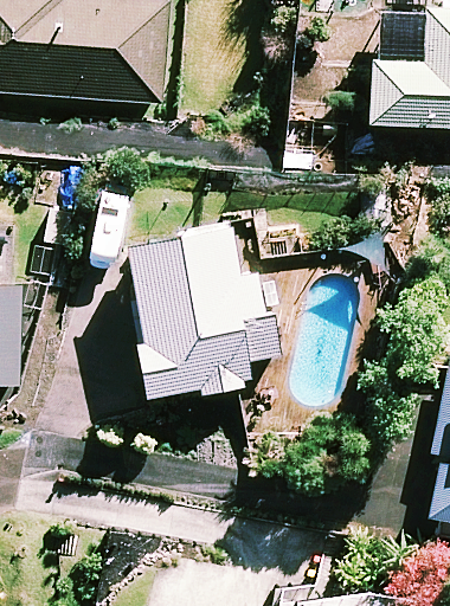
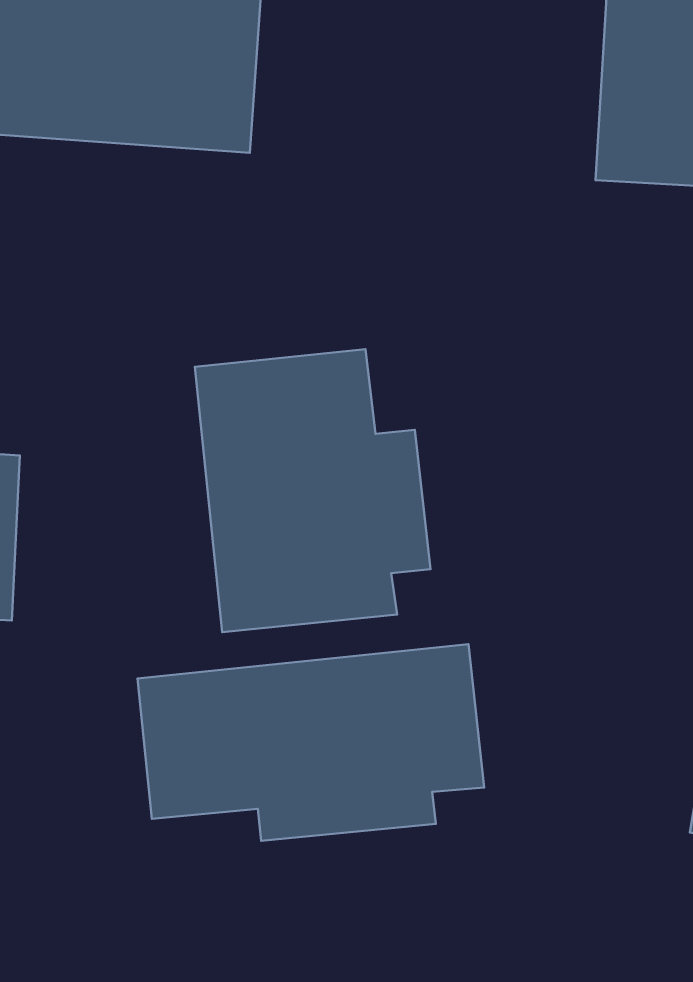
building: none -> [137,644,484,841]

